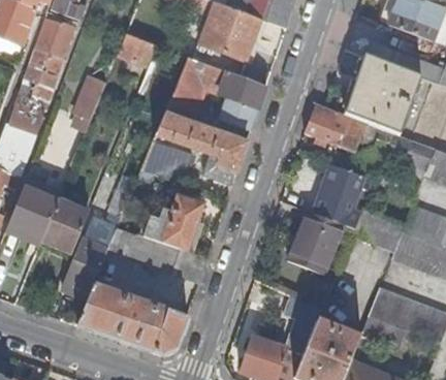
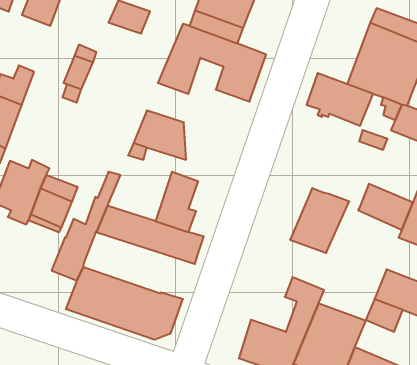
building: [21,47,63,101] -> none
building: [156,112,248,185] -> none
building: [315,165,361,227] -> none

